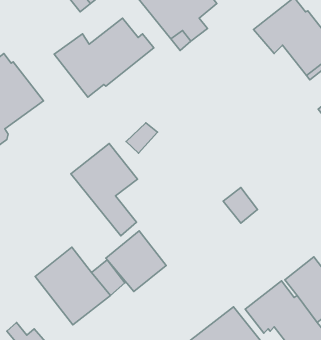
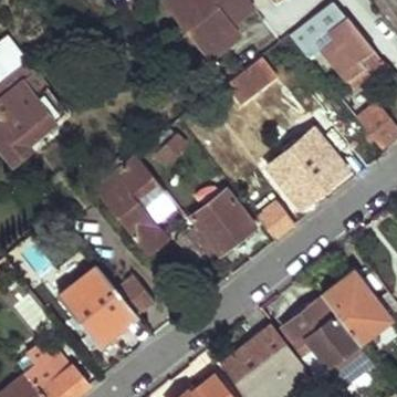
building: [54,18,154,97] -> none
building: none -> [219,56,276,103]
building: none -> [268,128,346,207]
building: [106,231,166,292] -> [191,187,255,251]

